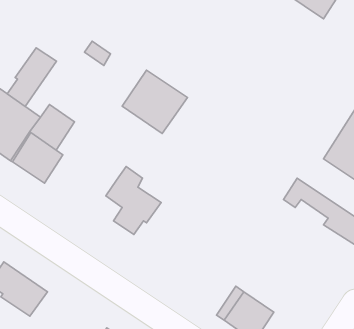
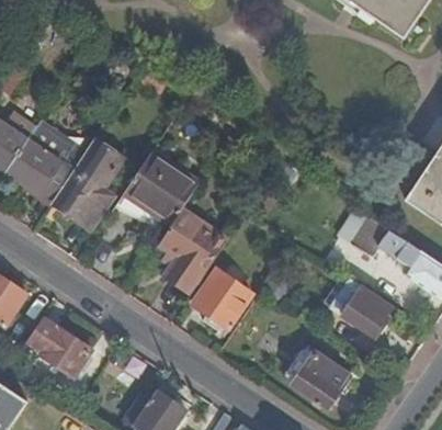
building: [7,48,57,106] -> none
building: [122,70,187,133] -> [126,152,200,224]
building: none -> [192,269,251,327]
building: none -> [332,275,390,333]

